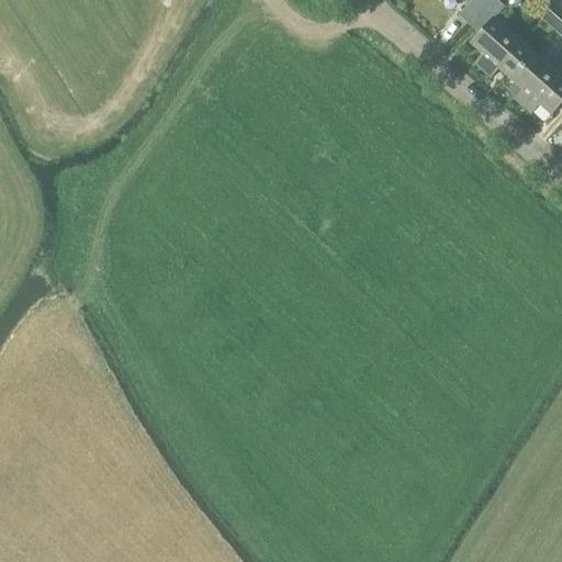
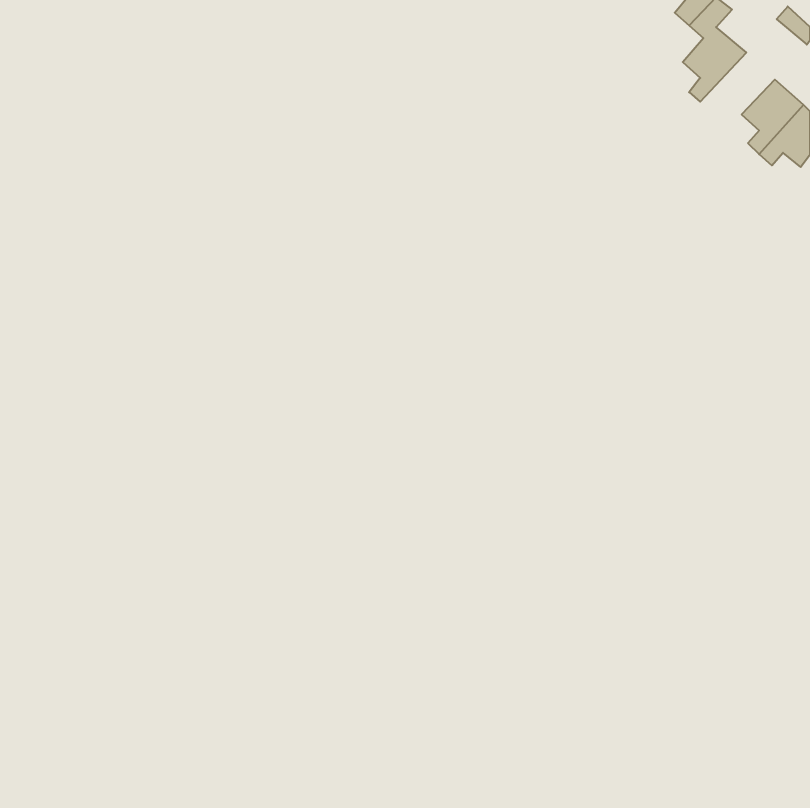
building: [483,36,535,79] -> none

